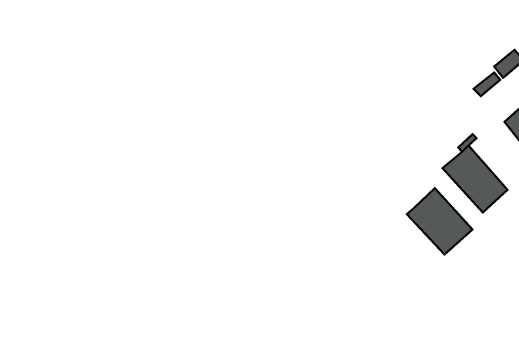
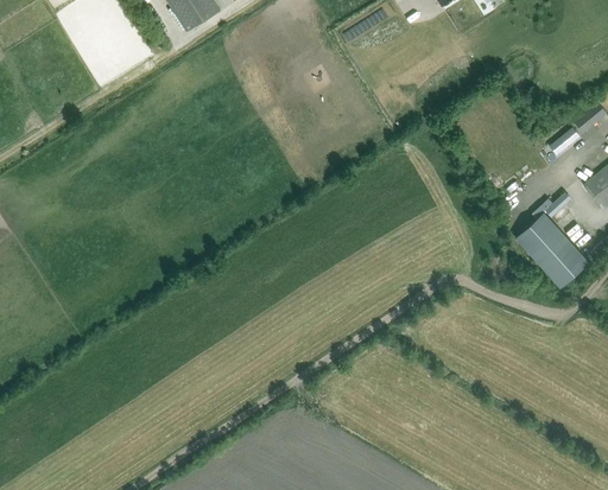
building: [407,188,472,255] -> none

